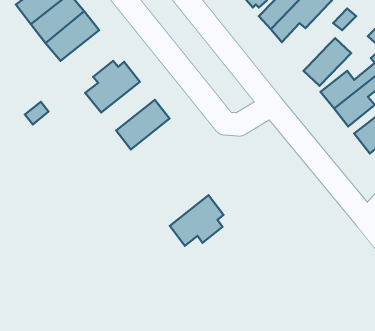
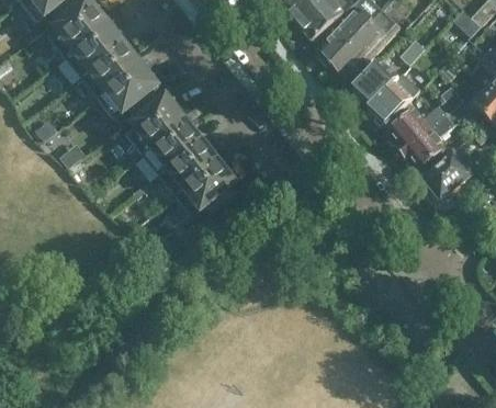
building: none -> [354,58,398,103]
building: none -> [99,63,159,118]
building: none -> [144,120,203,173]
building: [170,195,223,246] -> [177,160,236,216]

